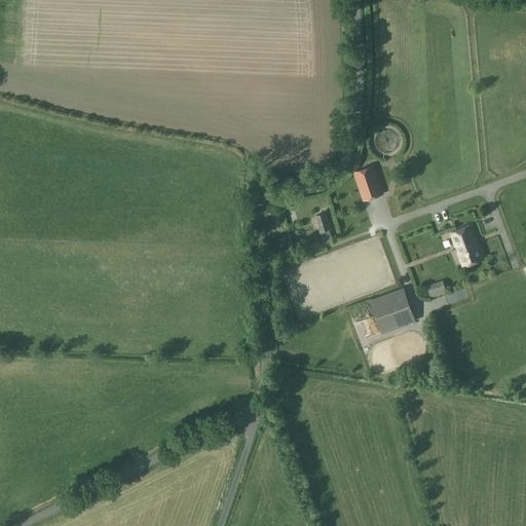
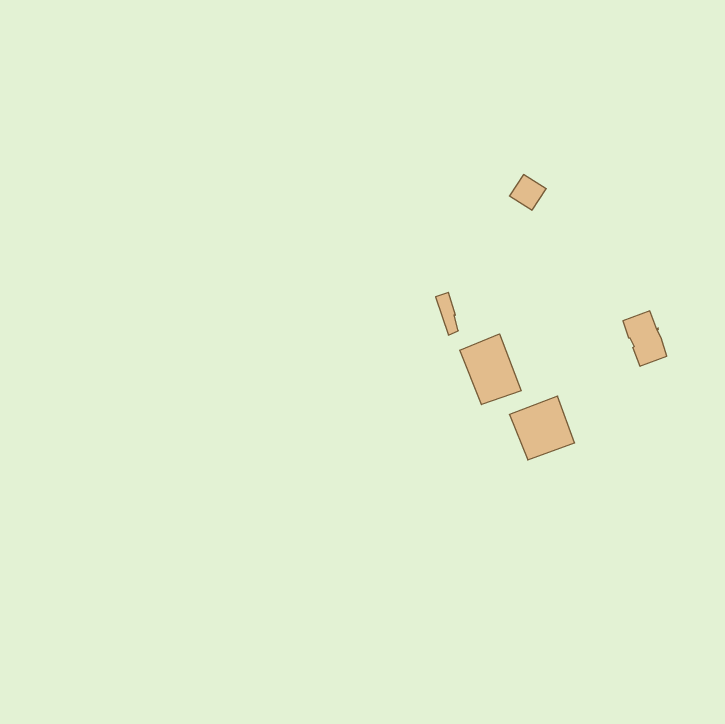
building: [352,165,384,202] -> none
building: none -> [460,334,521,405]

